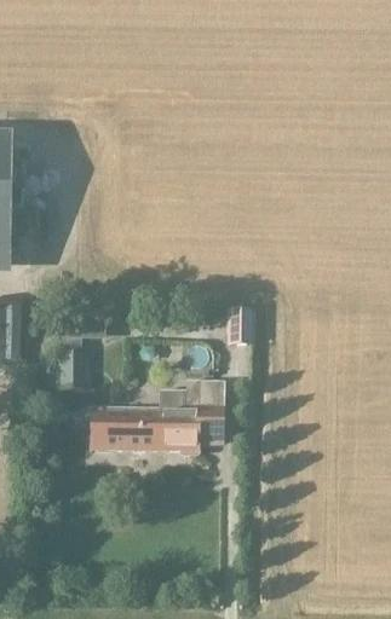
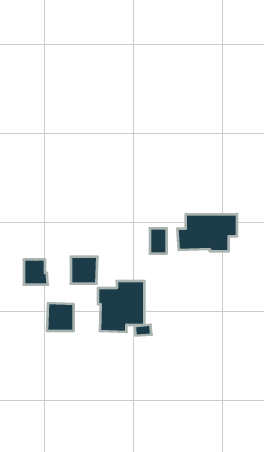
building: none -> [178,214,237,251]
building: [126,412,162,449] -> [71,257,98,284]

